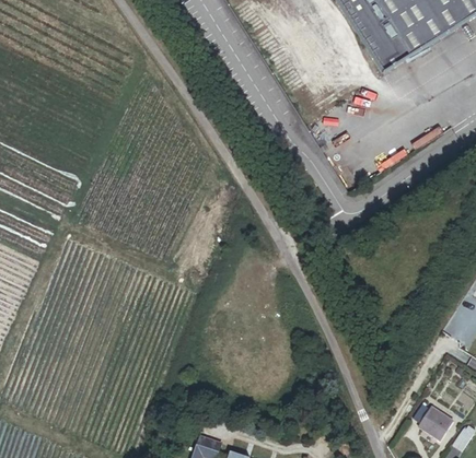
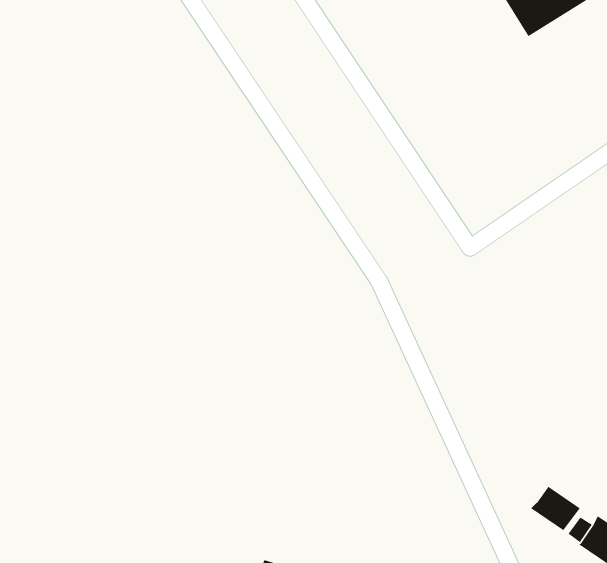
building: none -> [530,485,581,531]

